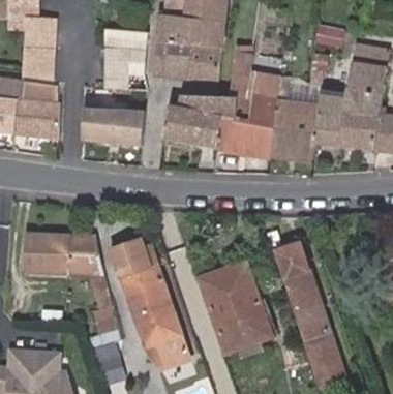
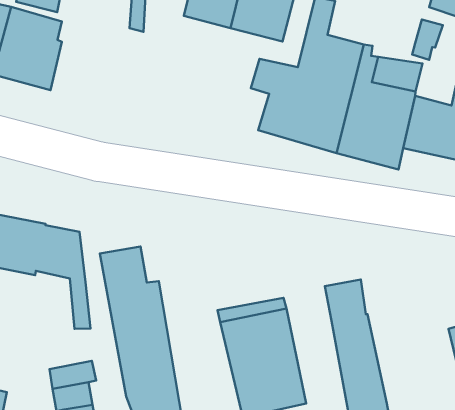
building: [164,91,214,146] -> none
building: [82,102,141,147] -> none

